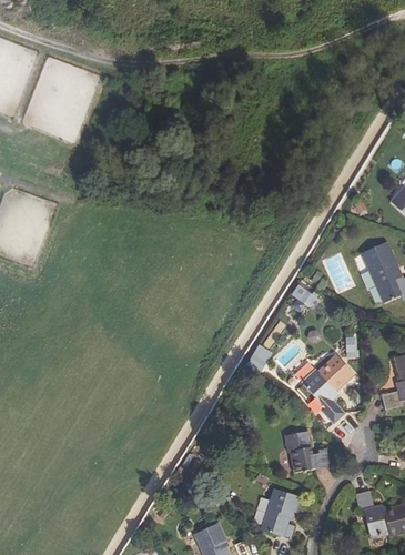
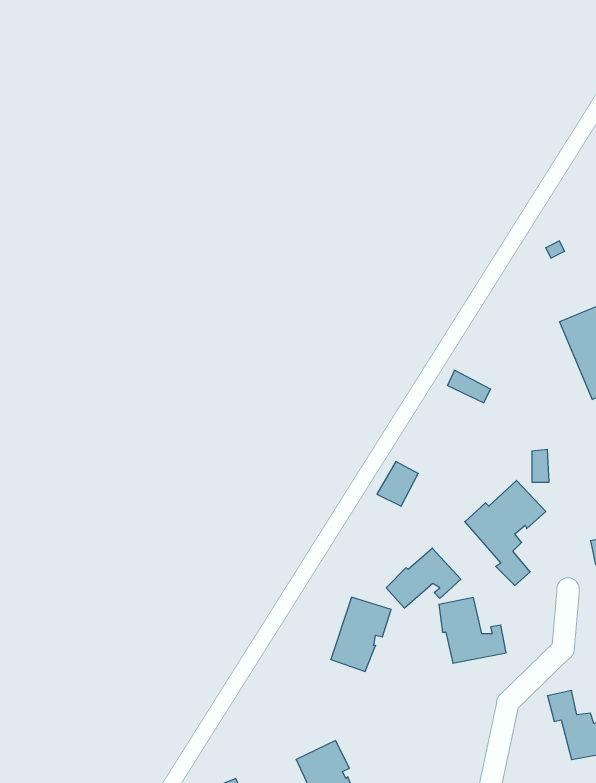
building: none -> [386,548,461,608]
building: [261,488,300,536] -> [331,597,391,671]

